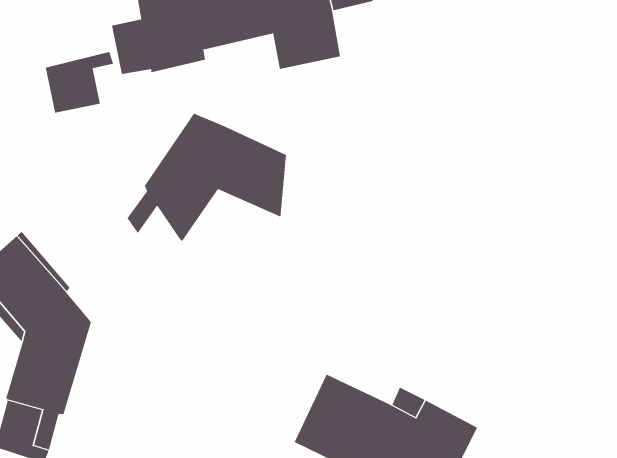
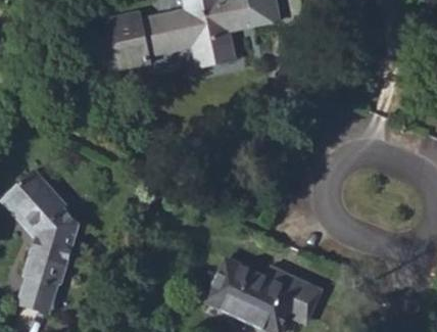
building: [45,51,114,114] -> none
building: [127,113,287,242] -> none

